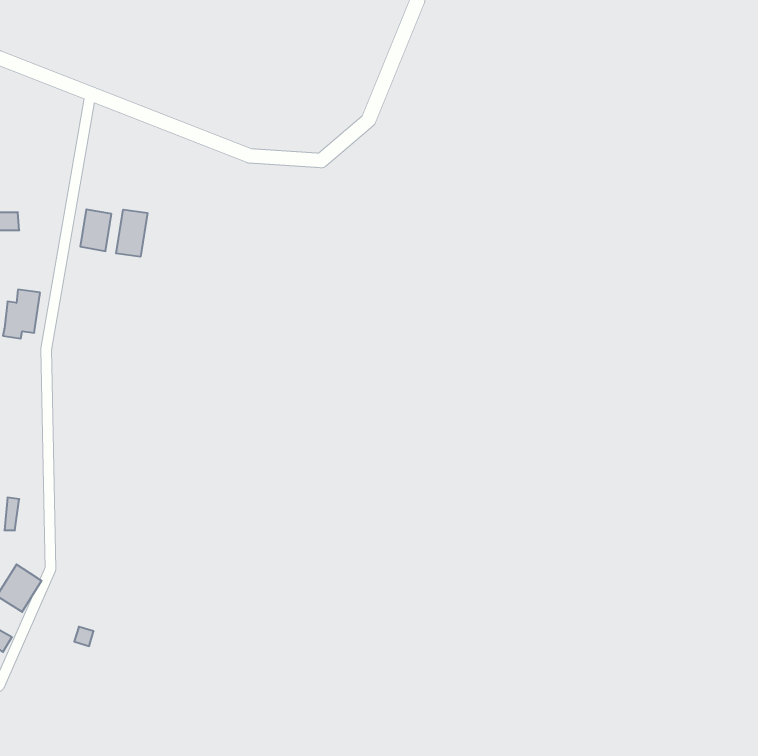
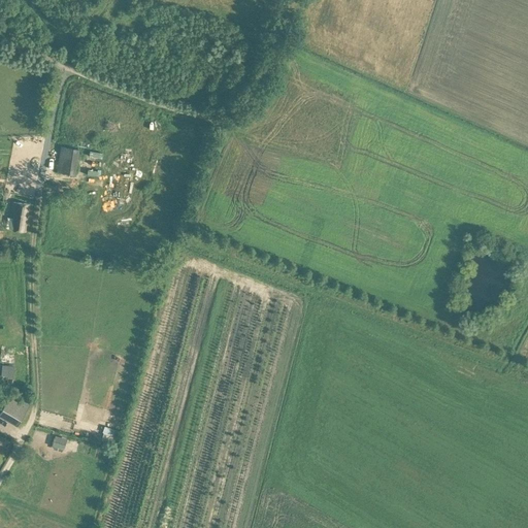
building: [116,210,147,257] -> none

